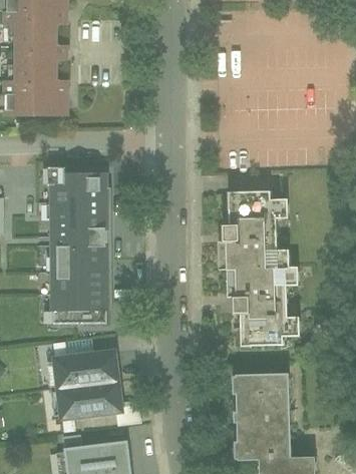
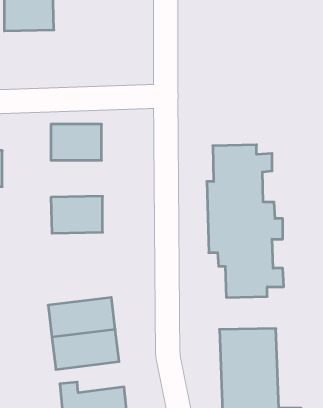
building: [9,72,61,116] -> none
building: [57,206,110,245] -> none
building: [58,281,110,319] -> none

